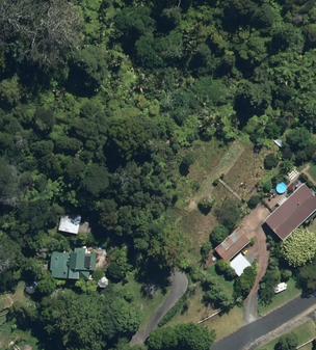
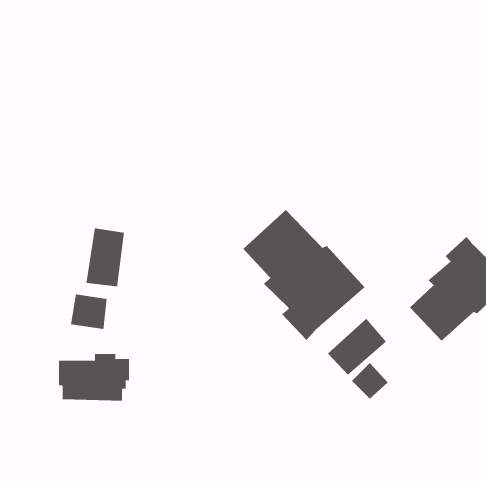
building: none -> [243,209,365,341]
building: none -> [86,227,124,287]

